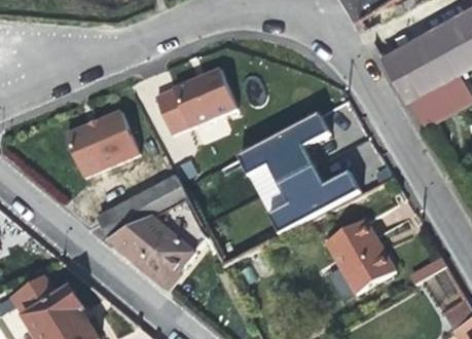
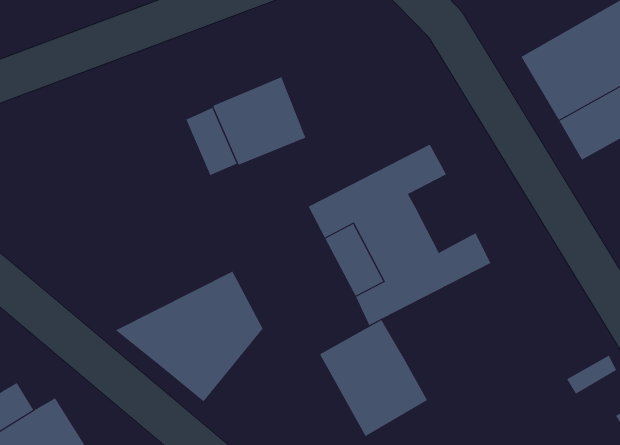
building: [61,108,135,174] -> none
building: [98,179,187,240] -> none
building: [325,219,398,298] -> [319,319,428,437]

